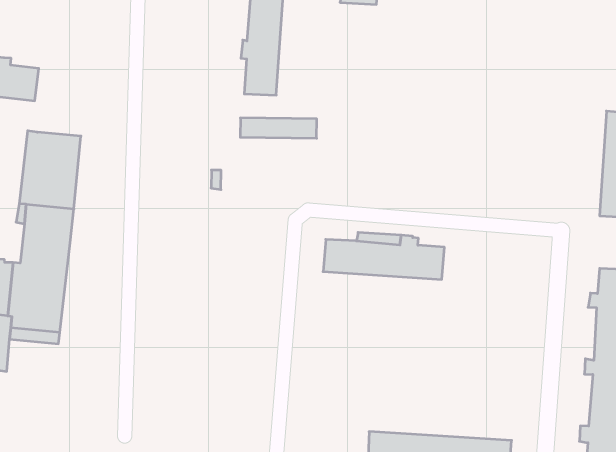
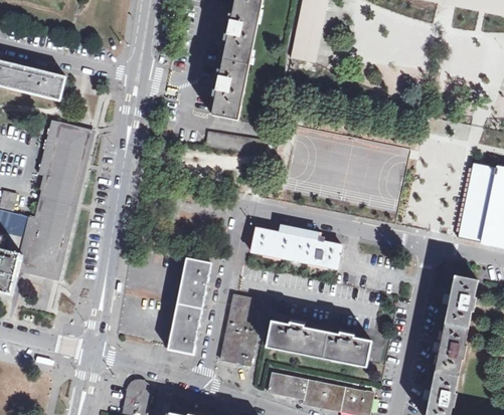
building: none -> [168,258,211,353]
building: none -> [219,292,263,364]
building: none -> [267,320,371,364]

